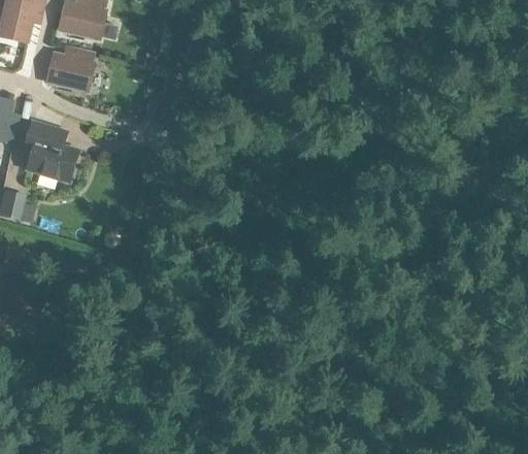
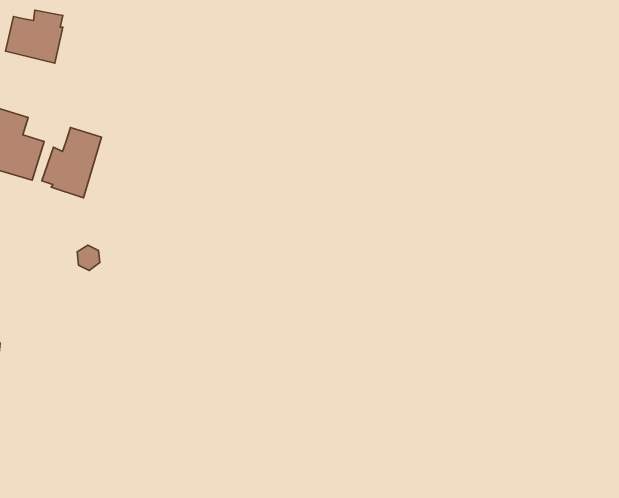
building: none -> [42,127,102,198]

